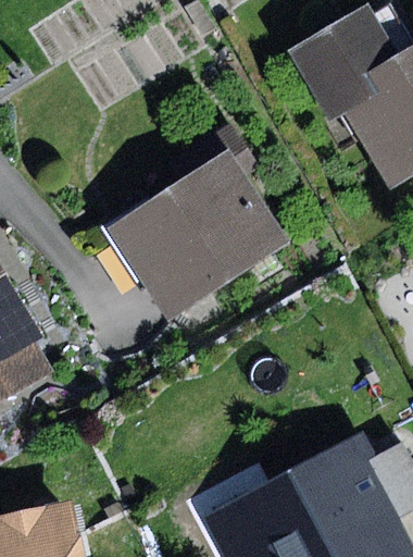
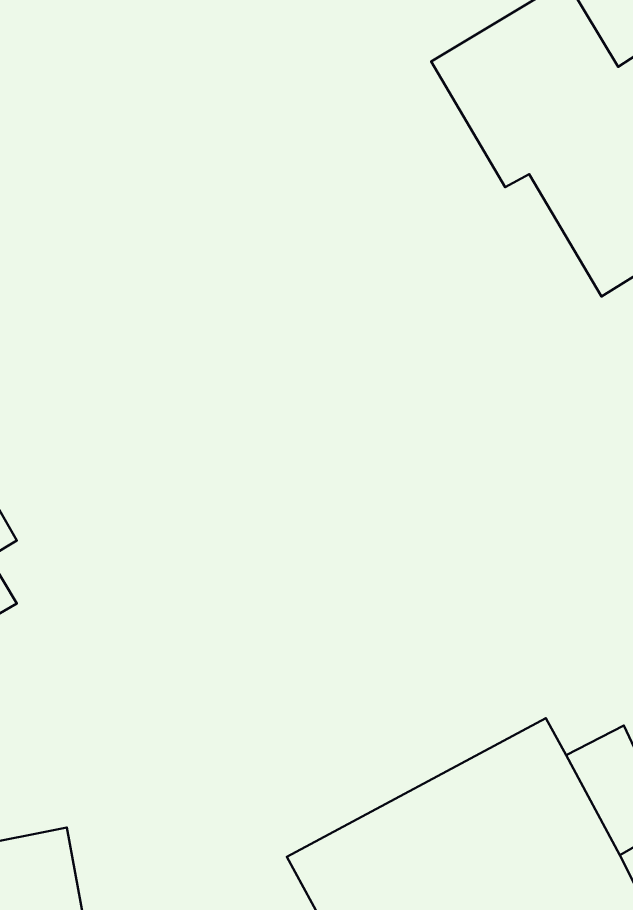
building: [108,150,289,321] -> none

